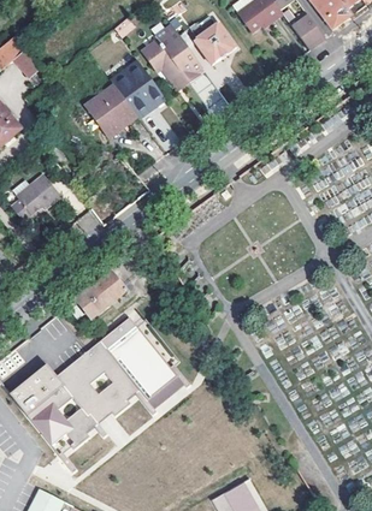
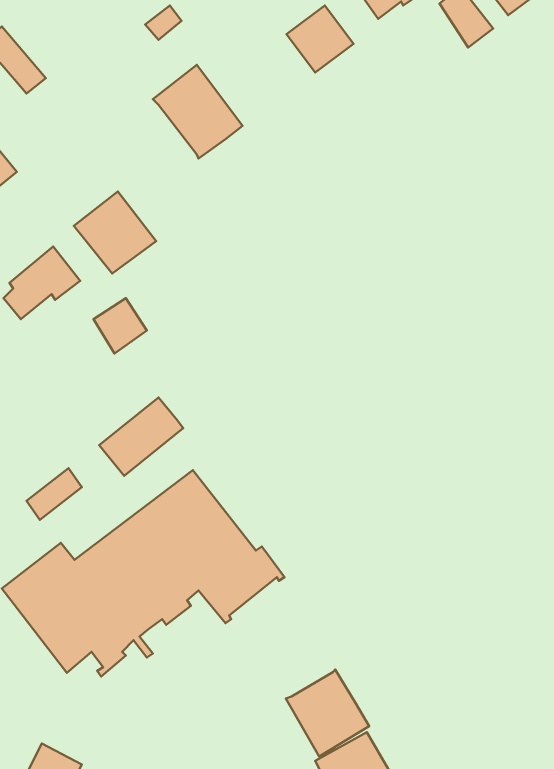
building: [141,29,203,88] -> none
building: [84,85,136,137] -> [74,191,156,274]
building: none -> [286,670,369,757]

